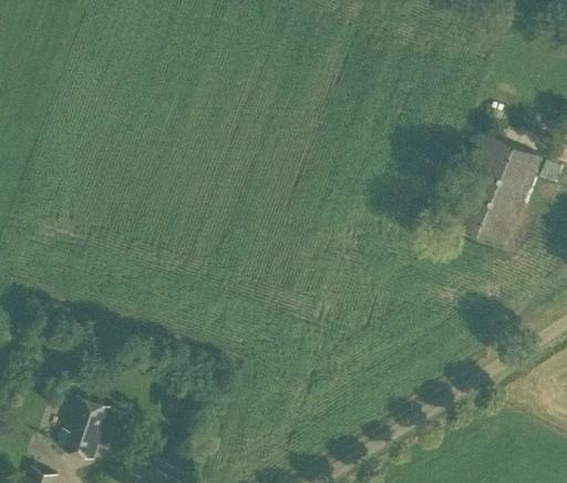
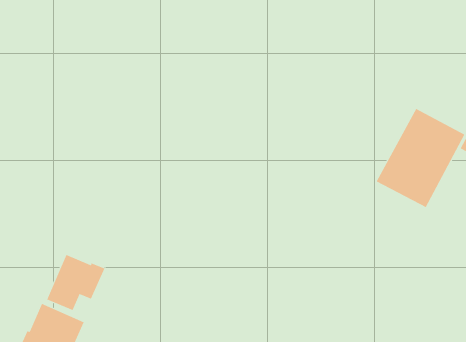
building: none -> [46,254,105,311]

